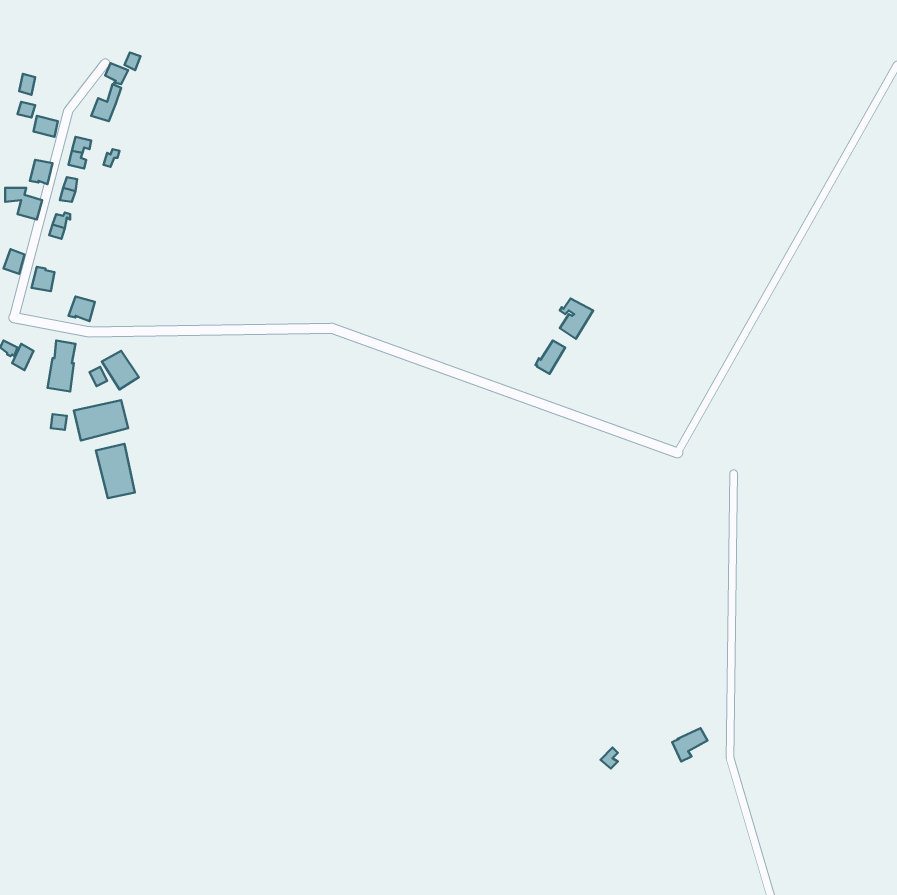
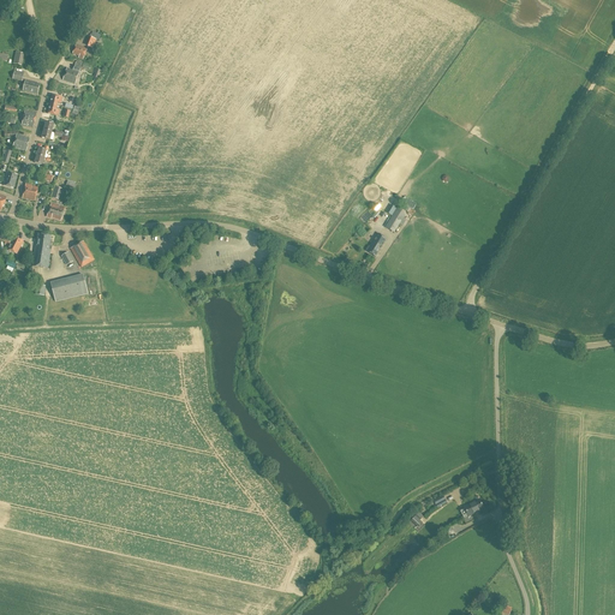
building: [96,444,135,498] -> none

